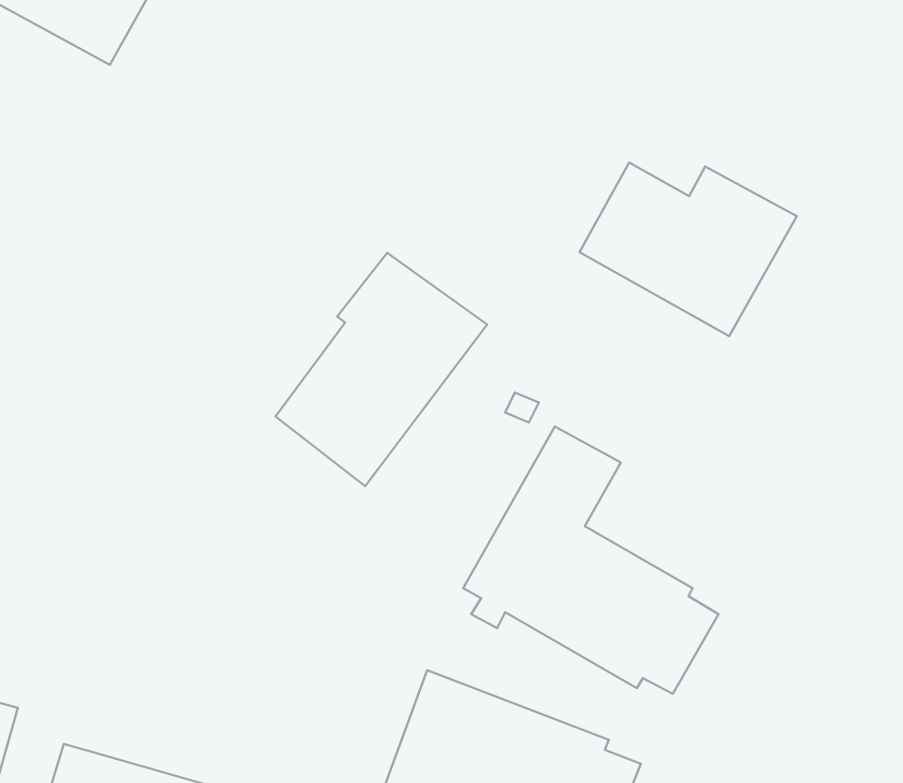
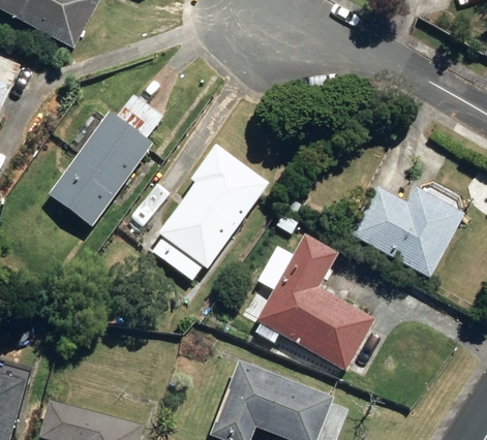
building: [579,162,797,336] -> [352,186,464,276]
building: none -> [51,112,154,224]

